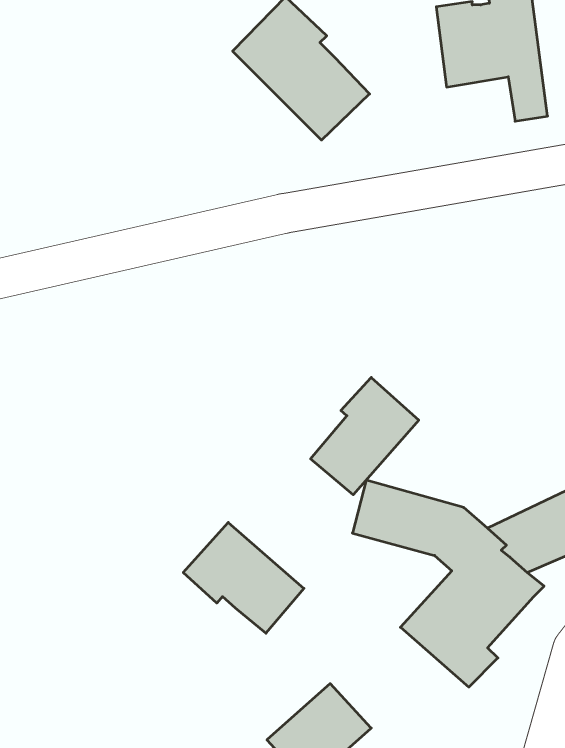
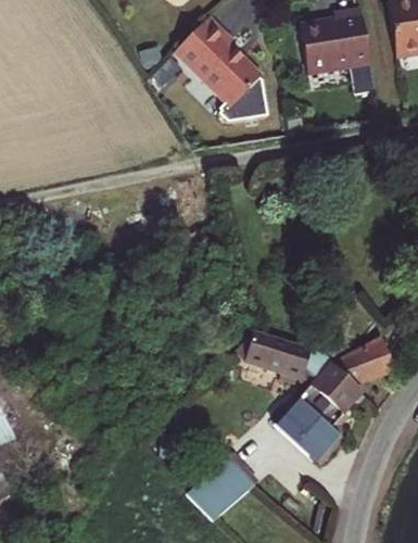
building: [311,377,419,495] -> none
building: [183,522,304,633] -> none

